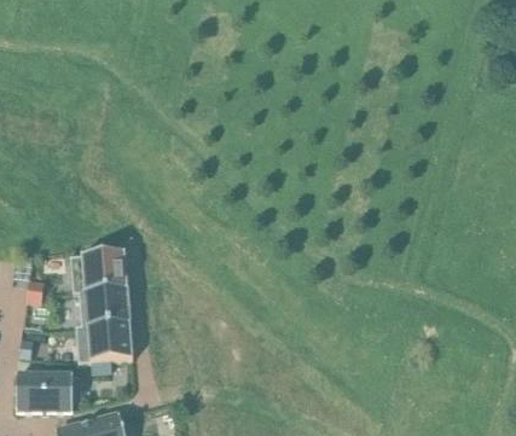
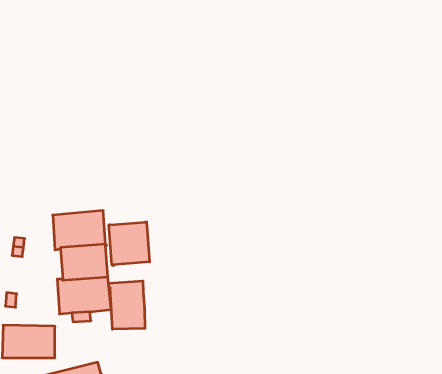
building: none -> [109,222,150,266]
building: none -> [108,281,145,329]

